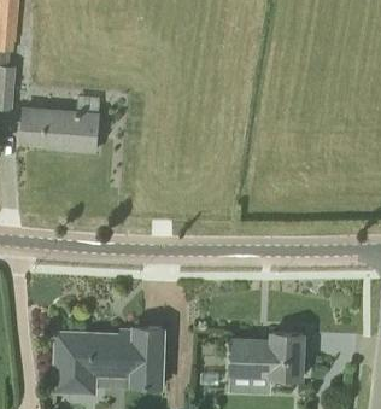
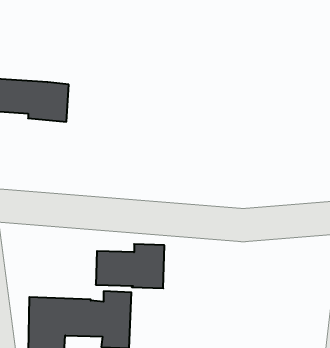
building: [231,334,303,380] -> [96,244,164,288]

